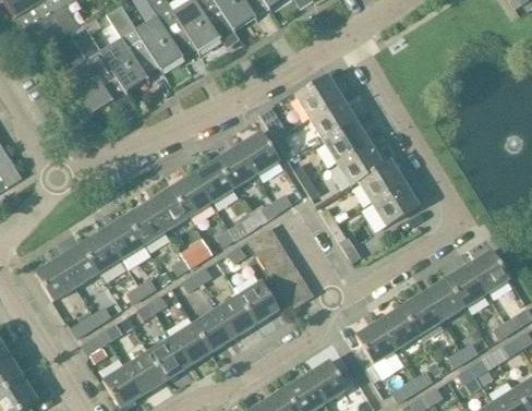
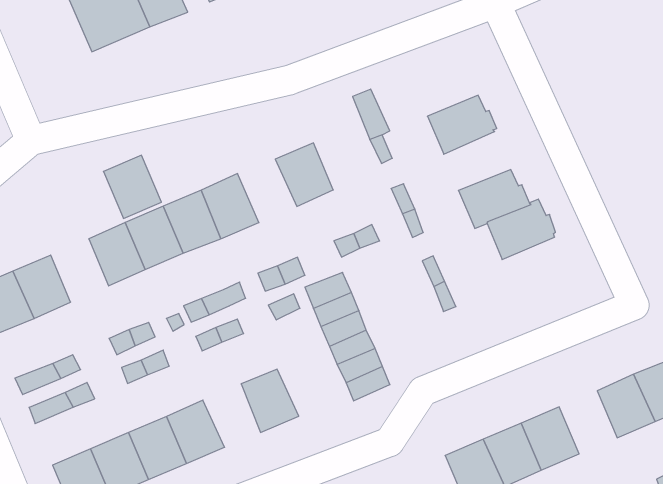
building: [295,75,342,118] -> none
building: [324,121,370,162] -> none
building: [239,132,279,174] -> none
building: [193,160,234,203] -> none
building: [372,183,418,225] -> none
building: [81,230,121,273] -> [103,155,161,218]
building: [423,278,463,321] -> none
building: [238,281,279,324] -> none
building: [193,309,233,351] -> none

